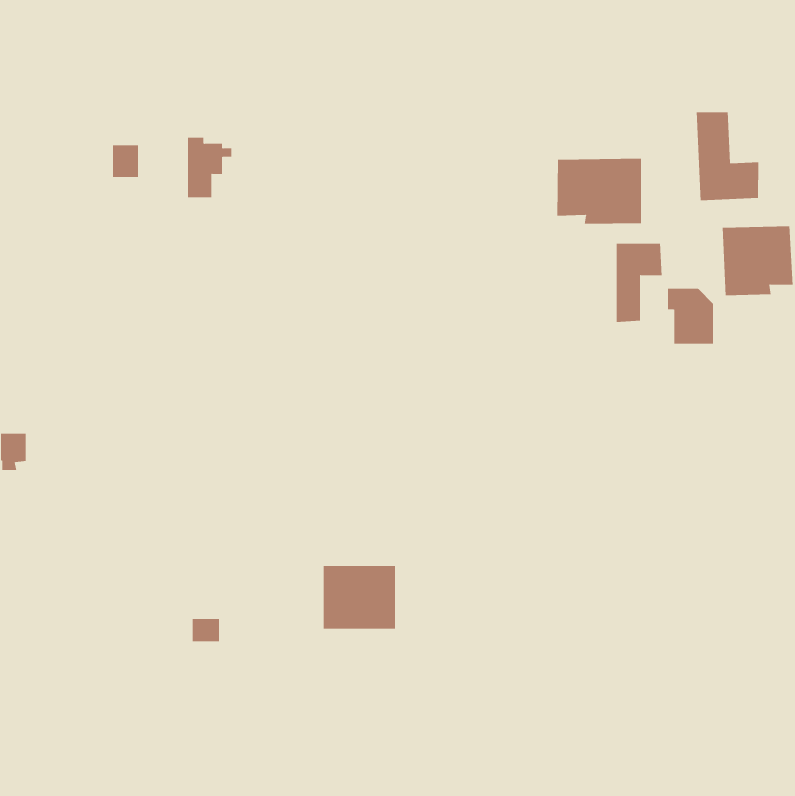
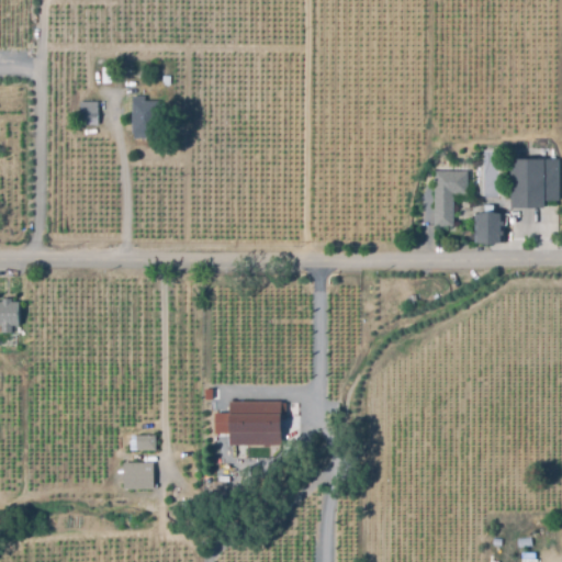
building: [696,111,759,201] -> none
building: [557,158,641,225] -> none
building: none -> [123,461,151,488]

